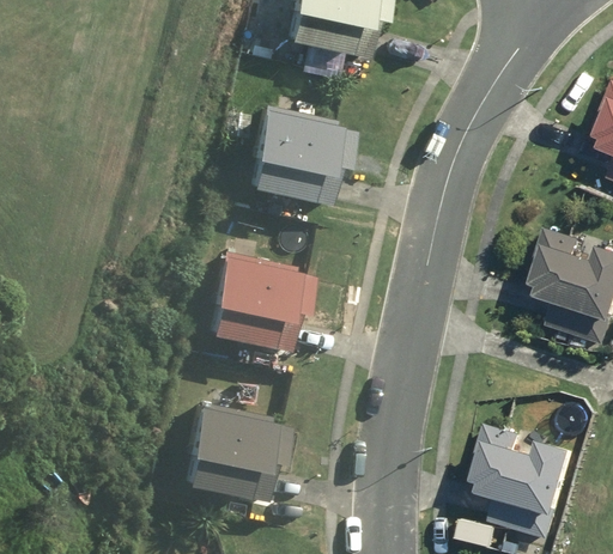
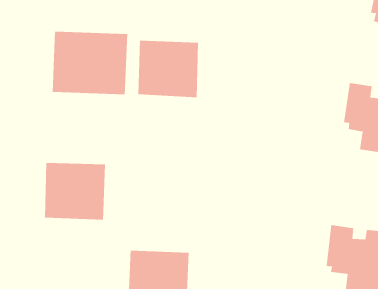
building: none -> [52,31,128,95]
building: [207,257,308,353] -> [44,163,106,220]

